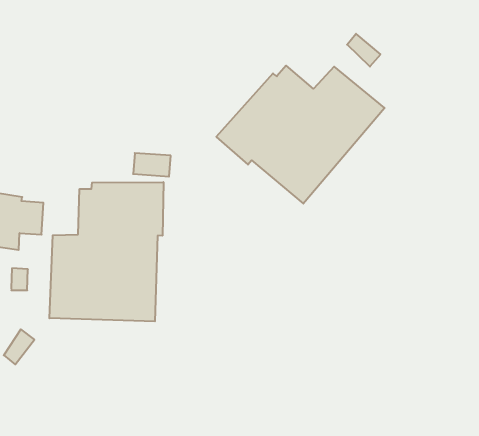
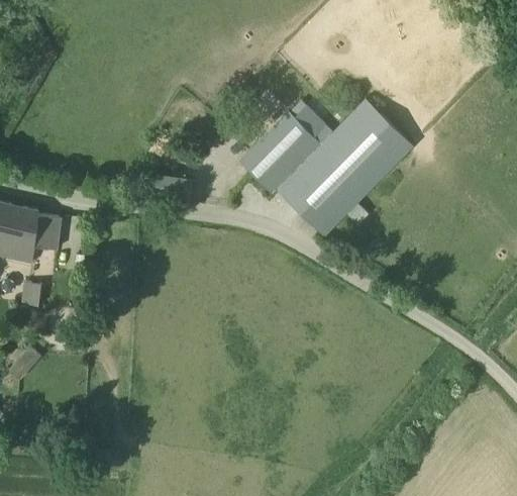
building: [347,34,380,67] -> none
building: [49,182,163,321] -> none

